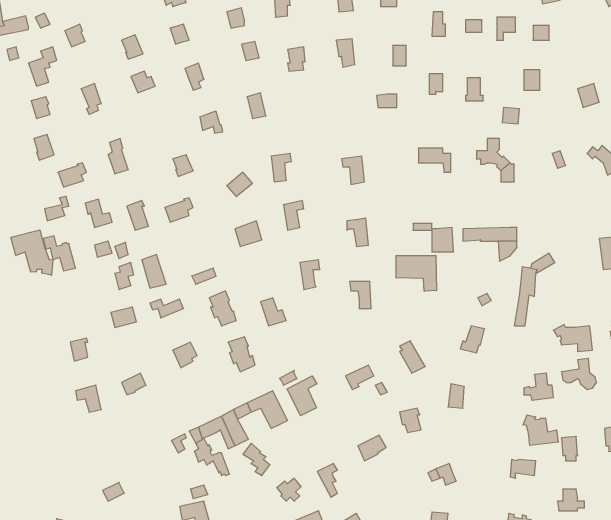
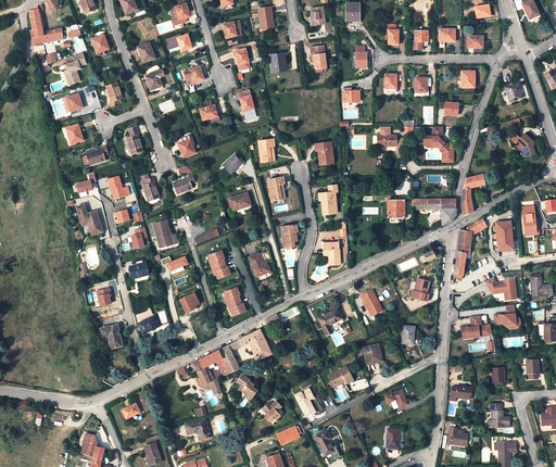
building: none -> [462,174,485,216]
building: [11,230,53,275] -> none
building: [396,255,436,291] -> none
building: none -> [496,222,514,251]
building: [287,376,317,416] -> none
building: [523,415,558,445] -> none

